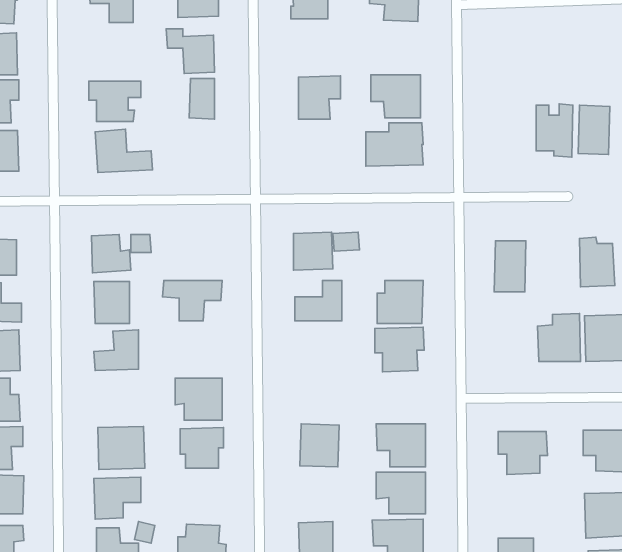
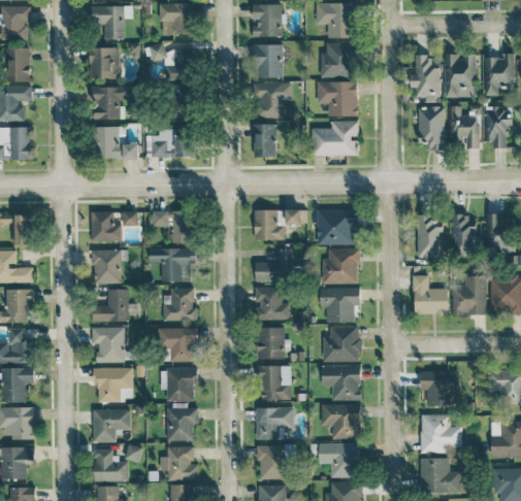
building: none -> [320,42,355,77]
building: none -> [254,44,283,77]
building: none -> [89,47,120,78]
building: none -> [445,54,476,97]
building: none -> [484,54,516,96]
building: none -> [411,55,439,102]
building: none -> [418,106,445,147]
building: none -> [253,124,276,157]
building: none -> [146,128,193,157]
building: none -> [317,209,358,245]
building: none -> [152,210,191,243]
building: none -> [453,216,476,254]
building: none -> [414,275,447,314]
building: none -> [255,287,289,320]
building: none -> [164,288,197,321]
building: none -> [323,326,360,362]
building: none -> [91,327,125,362]
building: none -> [258,327,290,359]
building: none -> [166,407,199,441]
building: none -> [256,407,294,439]
building: none -> [421,414,461,453]

